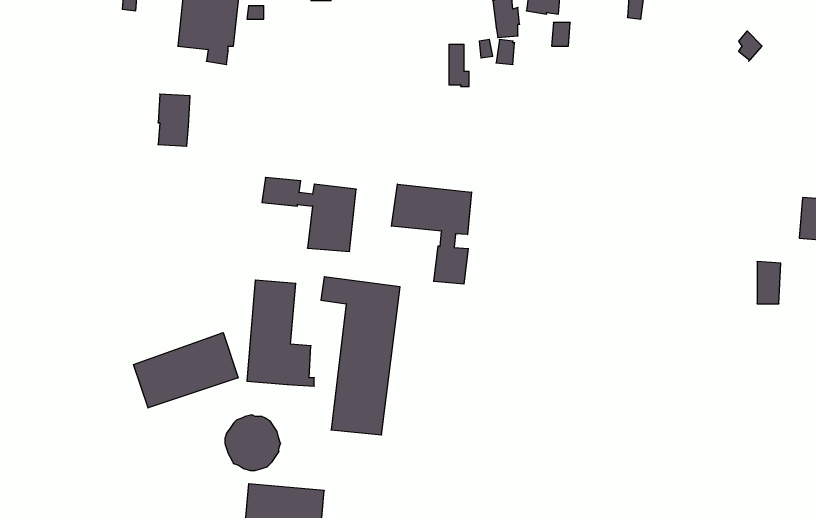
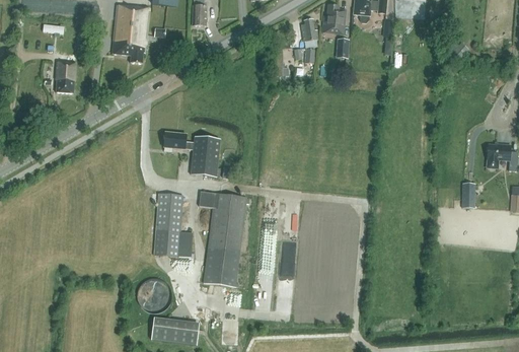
building: [158,94,190,146] -> [56,62,75,93]
building: [391,184,472,284] -> none
building: [134,333,238,408] -> none

